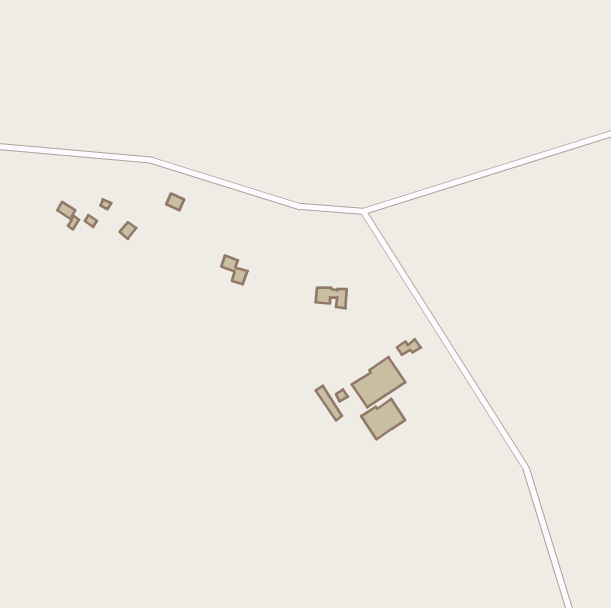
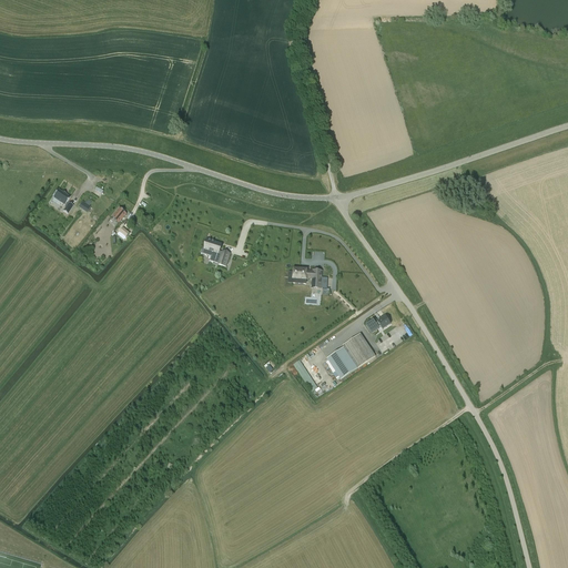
building: [361,399,405,439] -> none

